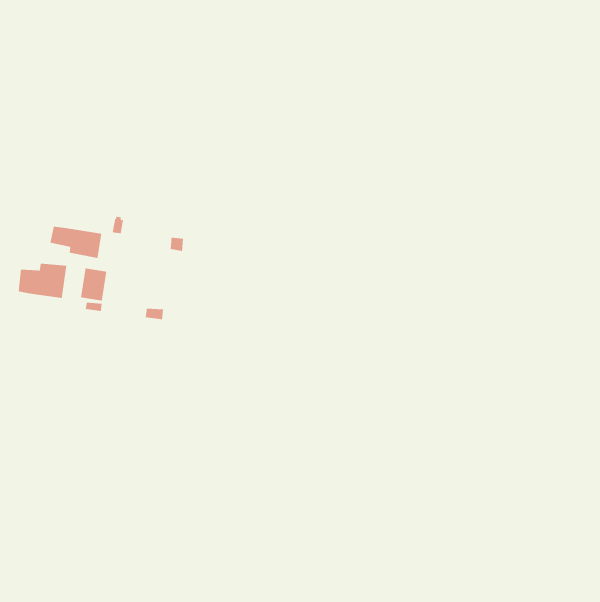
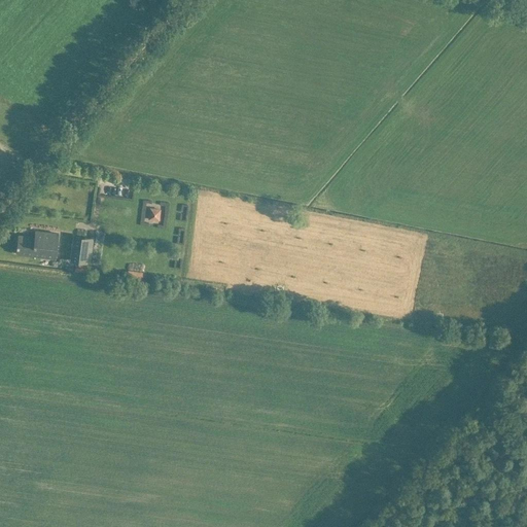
building: [50,226,102,259] -> none

